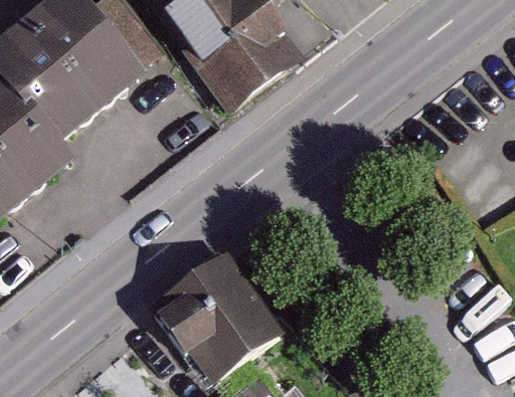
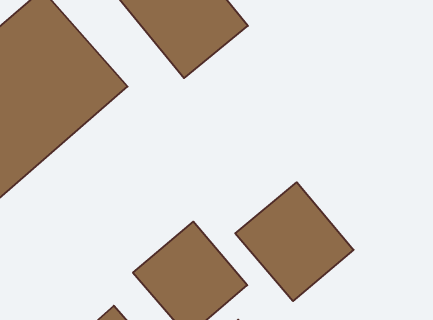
building: none -> [235,182,354,301]

